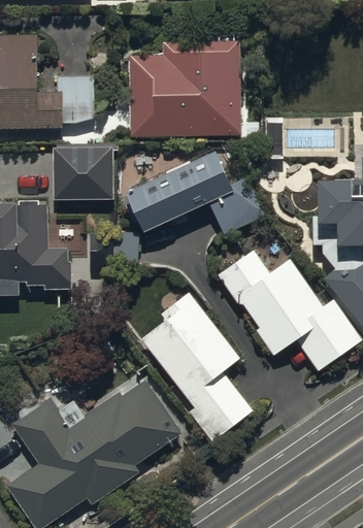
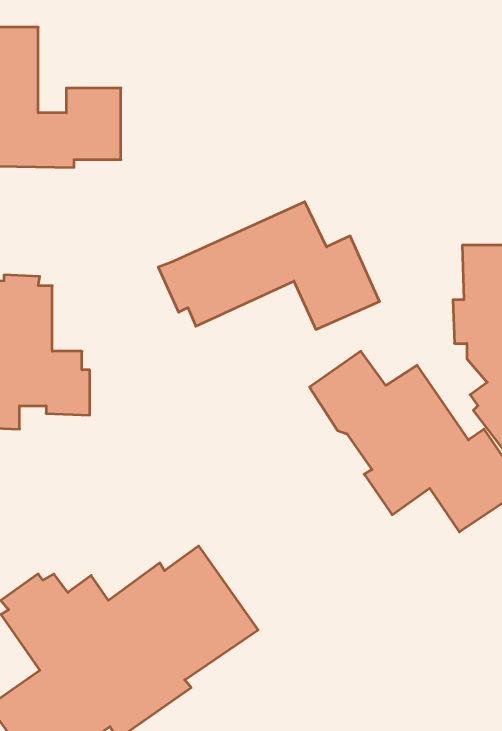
building: [128,42,258,137] -> none
building: [55,145,116,202] -> none
building: [139,292,253,444] -> none

